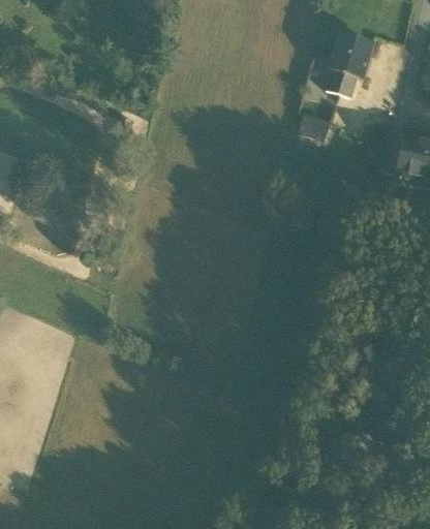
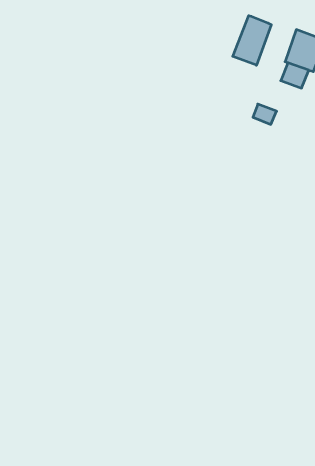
building: none -> [233,16,271,65]

